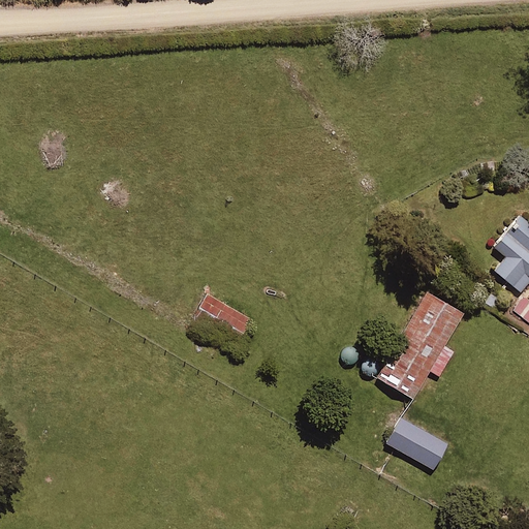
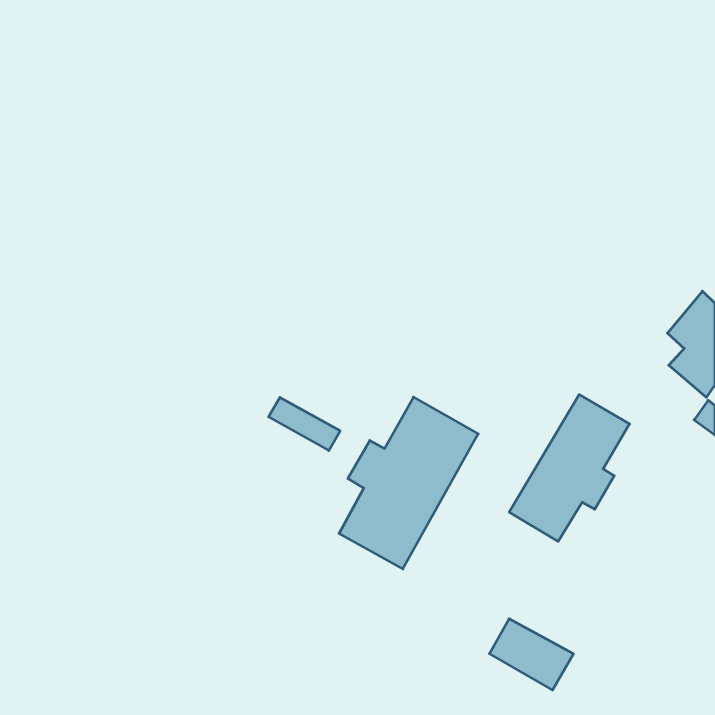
building: none -> [339,397,478,569]
building: [386,417,448,470] -> [489,619,573,690]

